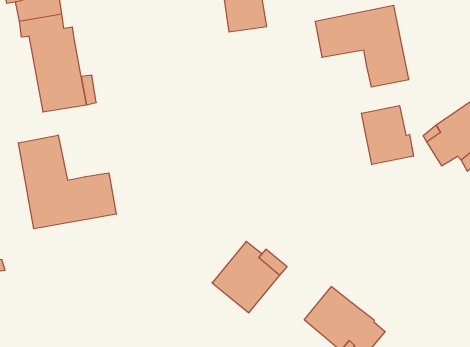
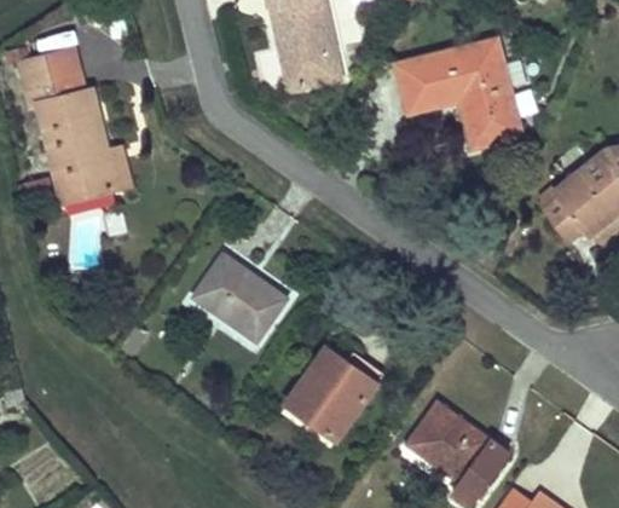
building: [362,106,414,165] -> none
building: [18,135,116,229] -> none
building: none -> [195,255,287,342]

